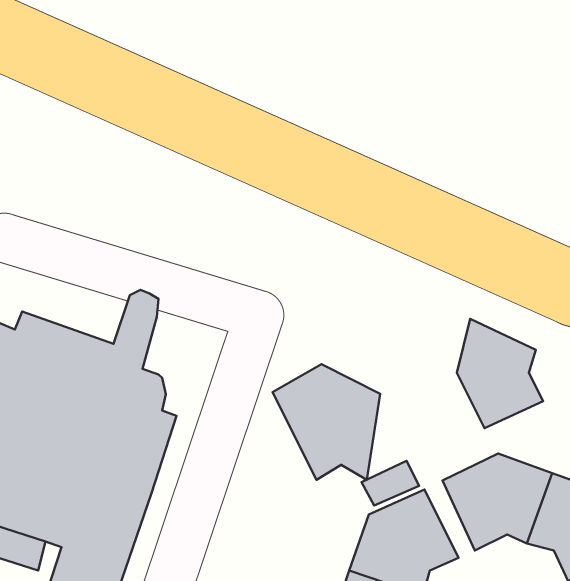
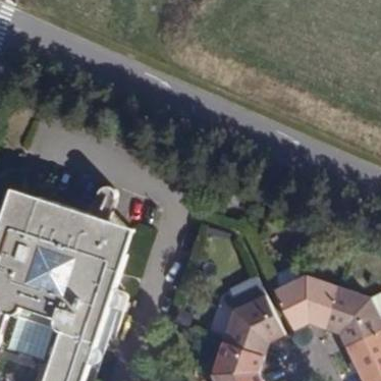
building: [457,319,543,428] -> none
building: [273,364,380,480] -> none

